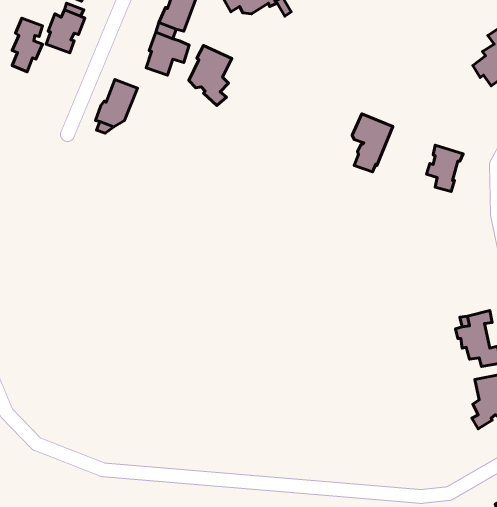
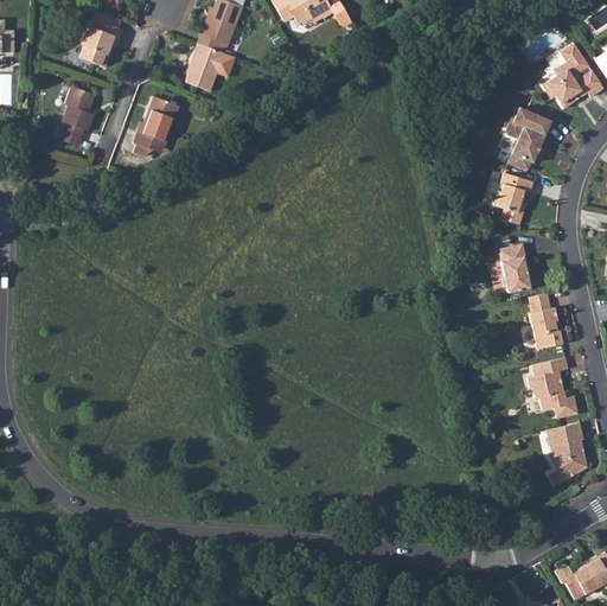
building: [12,18,42,72] -> [57,87,90,146]
building: [189,46,232,105] -> none
building: [352,114,393,172] -> [507,104,552,168]
building: none -> [500,243,530,291]
building: none -> [529,291,562,346]

